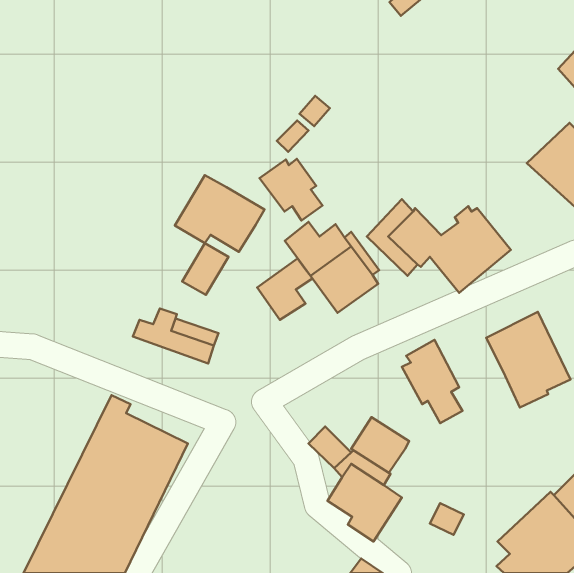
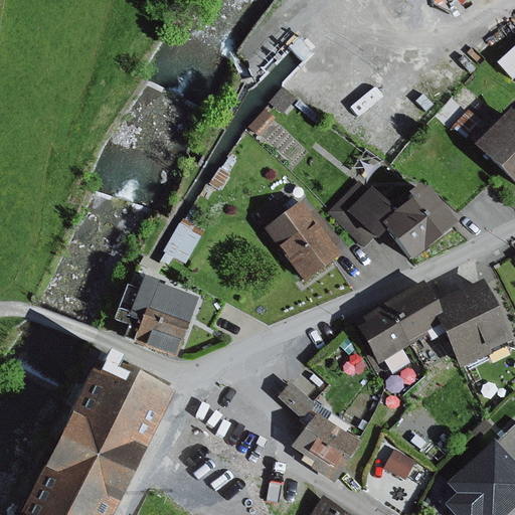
building: [260,159,322,221] -> none
building: [175,175,265,252] -> none
building: [257,258,313,320] -> none
building: none -> [389,285,451,346]
building: none -> [114,301,187,357]
building: [351,417,409,473] -> none

